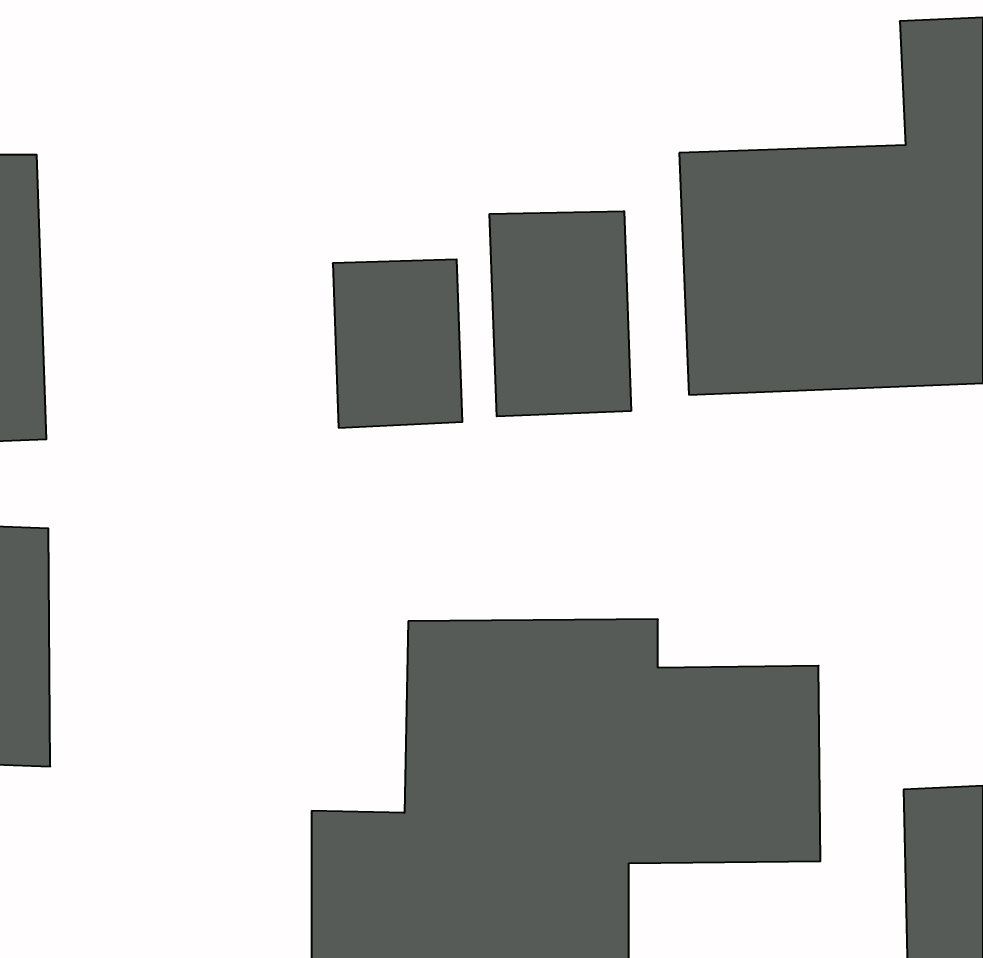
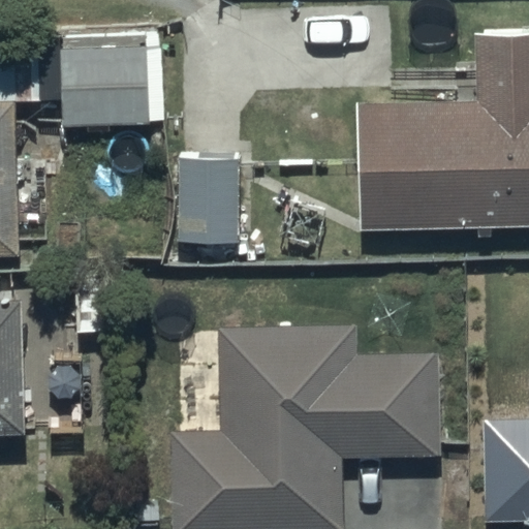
building: none -> [60,31,166,124]
building: [490,211,631,416] -> none

